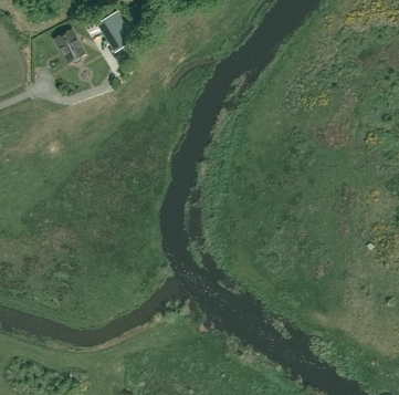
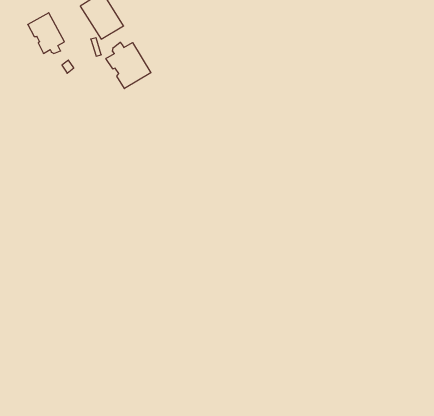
building: none -> [106,42,151,89]

